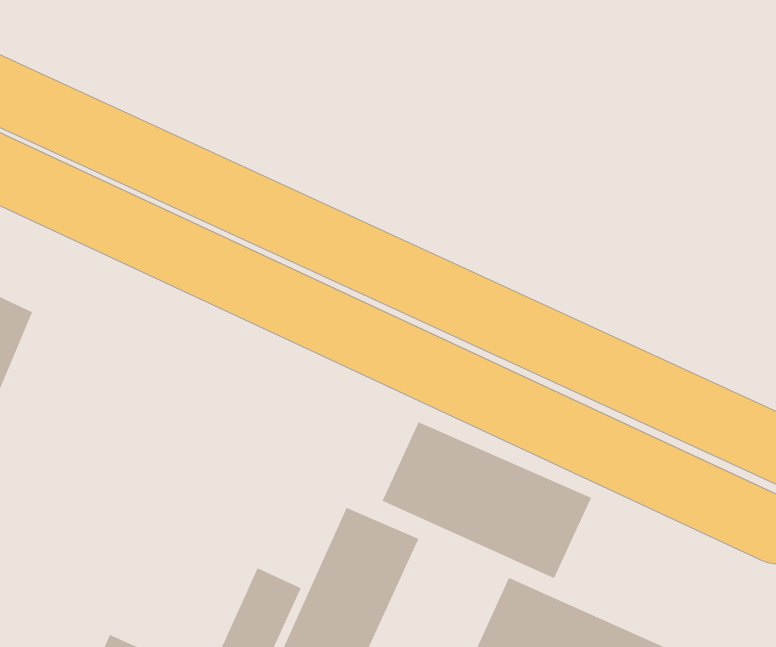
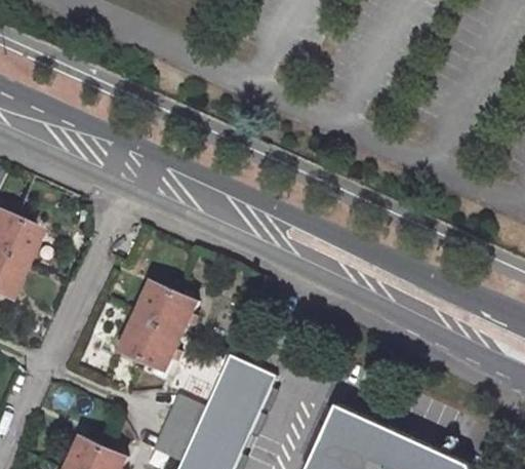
building: none -> [116,283,190,369]
building: [382,421,592,579] -> none

